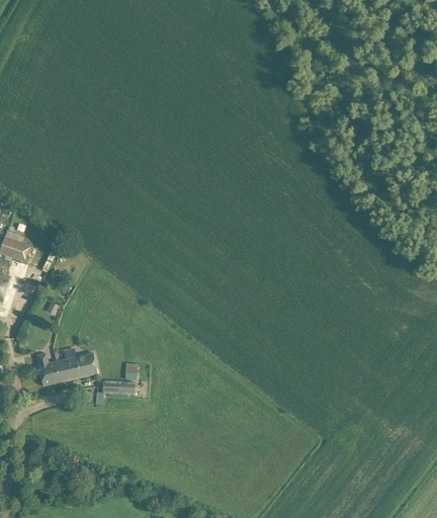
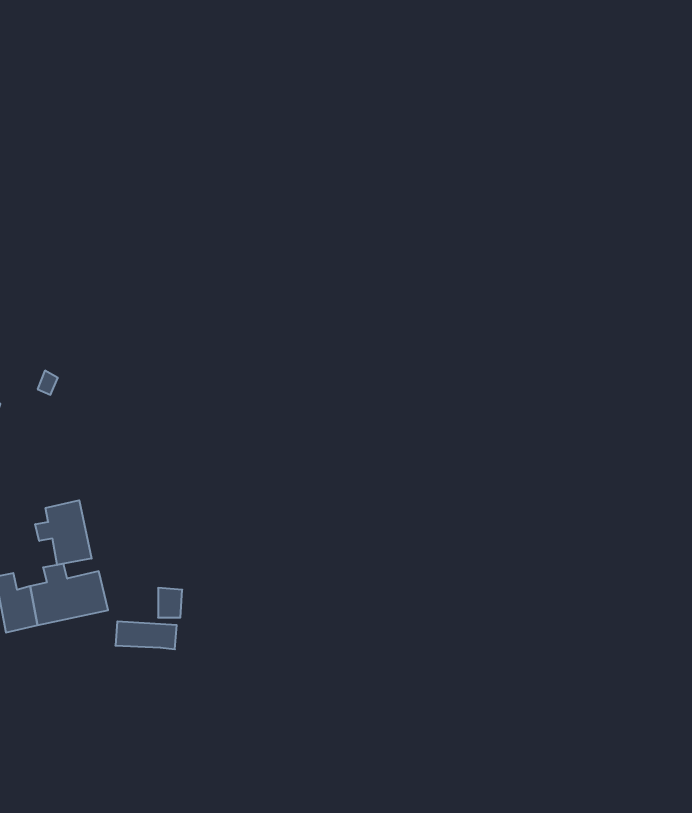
building: none -> [35,500,92,565]

